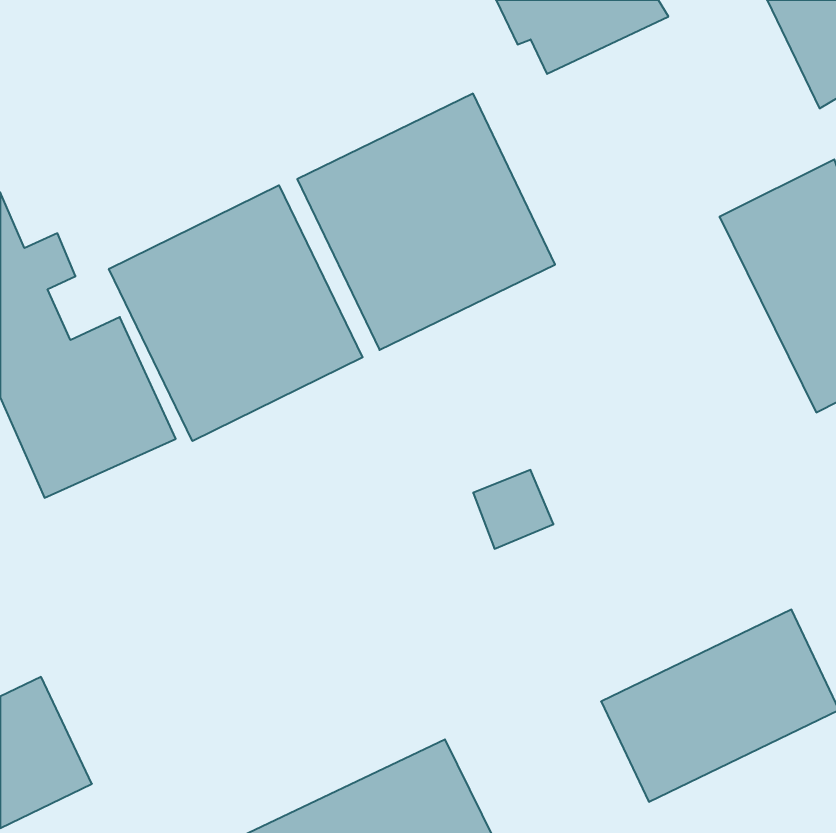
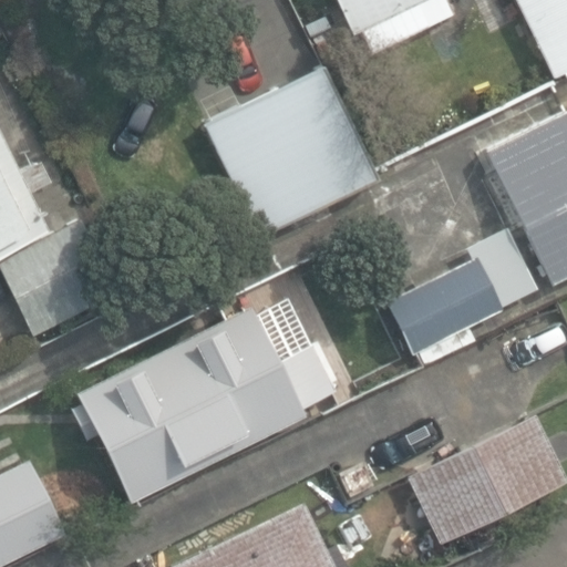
building: [109,185,363,441] -> none
building: none -> [386,231,534,353]
building: none -> [76,308,334,501]

